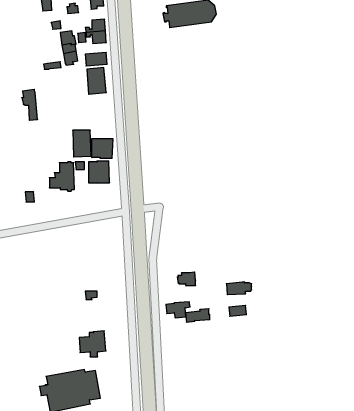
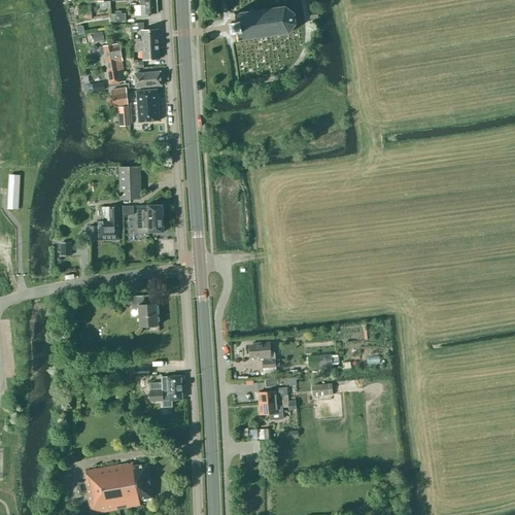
building: [22,89,38,120] -> [110,88,130,126]
building: [92,139,113,158] -> none
building: none -> [131,295,158,328]
building: [166,302,190,318] -> [259,401,288,420]
building: [79,331,106,357] -> [149,375,182,407]

